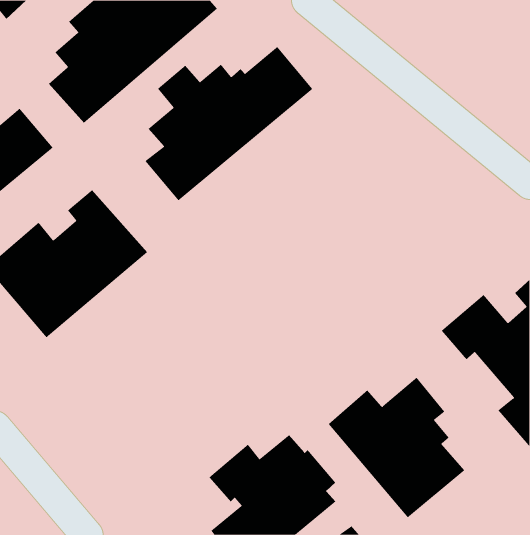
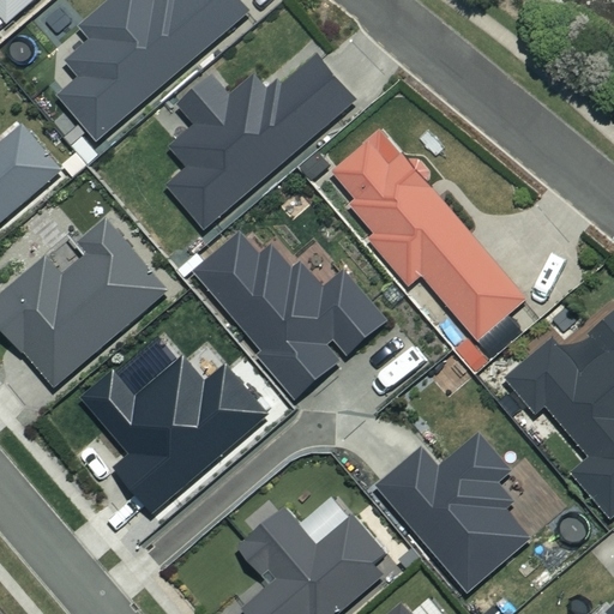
building: none -> [327,138,529,343]
building: none -> [194,231,387,399]
building: none -> [79,355,267,512]

